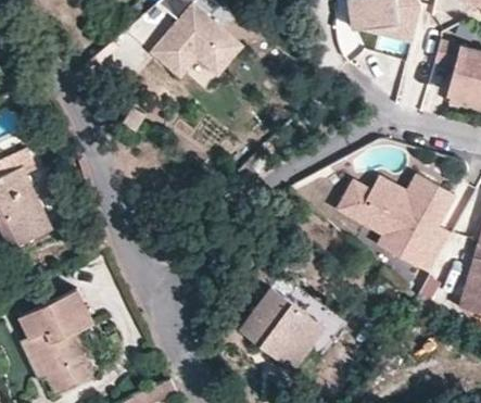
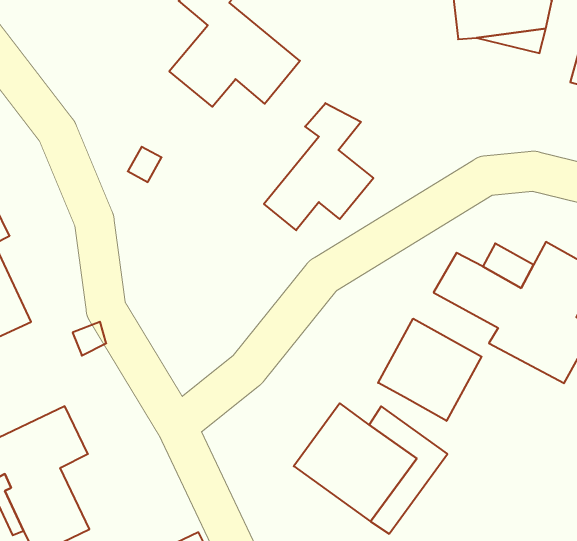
building: none -> [264,103,373,230]
building: none -> [378,319,482,421]

